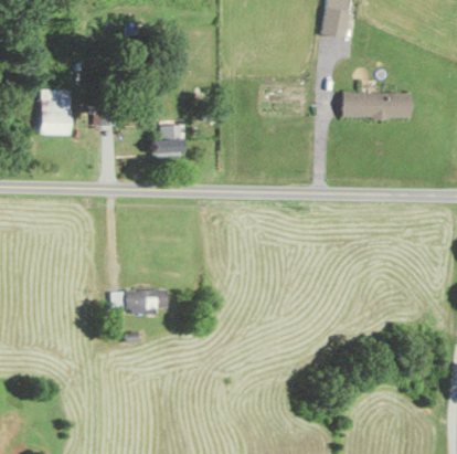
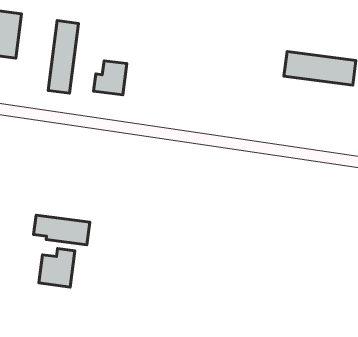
building: none -> [48,21,79,93]
building: none -> [39,249,75,287]

